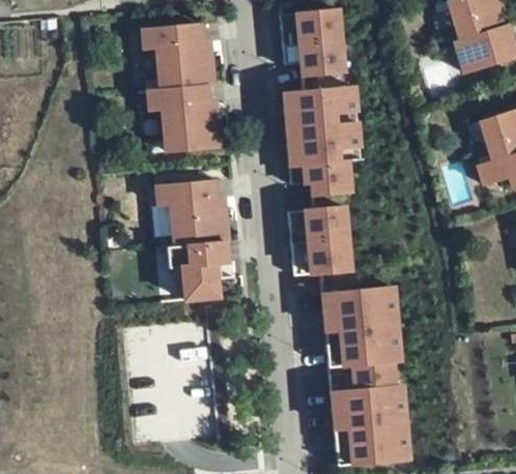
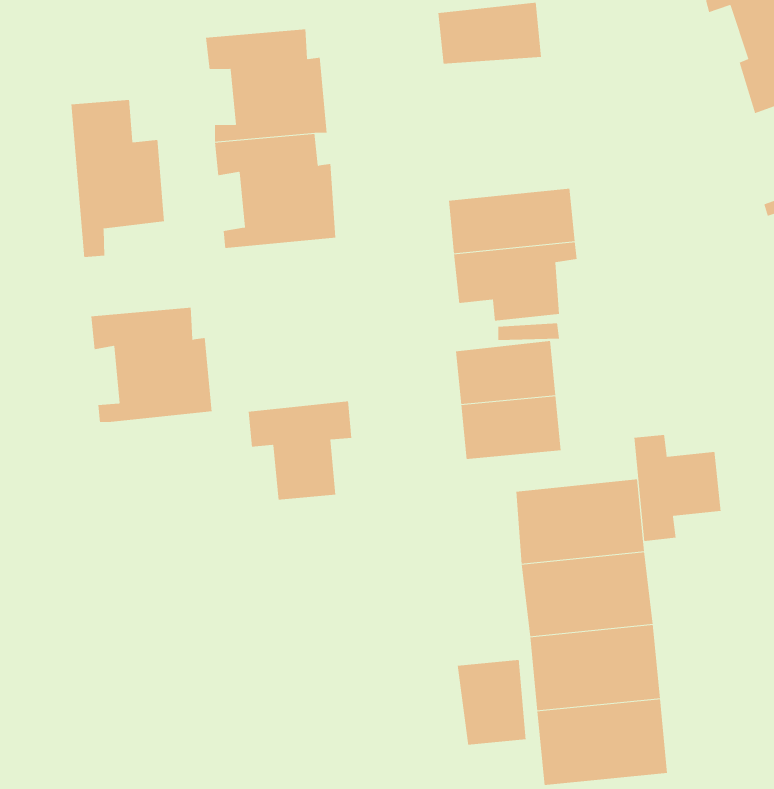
building: [281,40,342,76] -> none
building: none -> [71,99,164,258]
building: [281,86,355,124] -> none
building: [156,180,228,247] -> [90,307,213,423]
building: none -> [634,434,721,542]
building: none -> [457,659,526,745]

